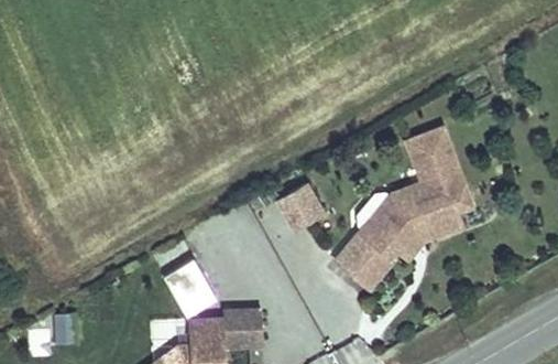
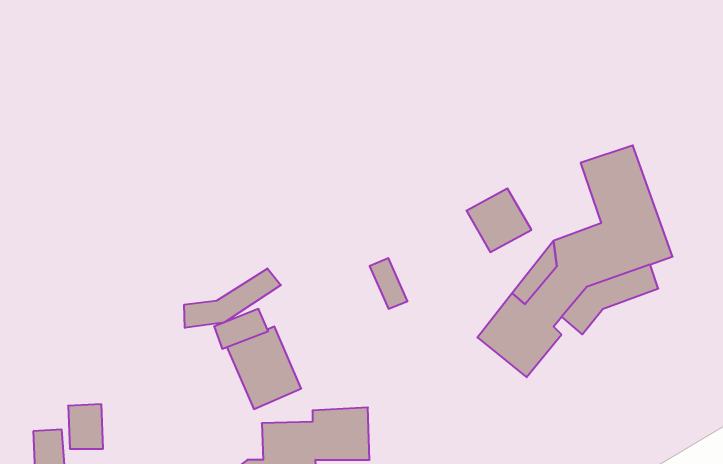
building: [277,185,322,229] -> [466,189,531,252]
building: none -> [184,268,281,328]

